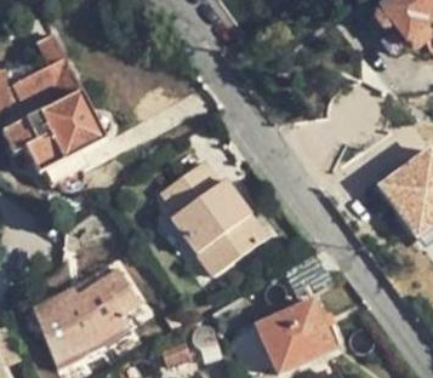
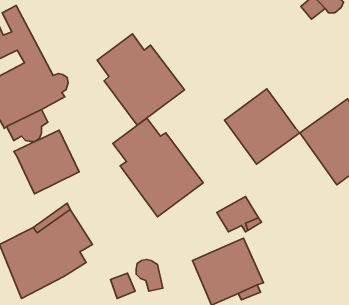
building: none -> [97,34,184,125]
building: none -> [224,89,300,164]
building: none -> [14,130,79,194]

